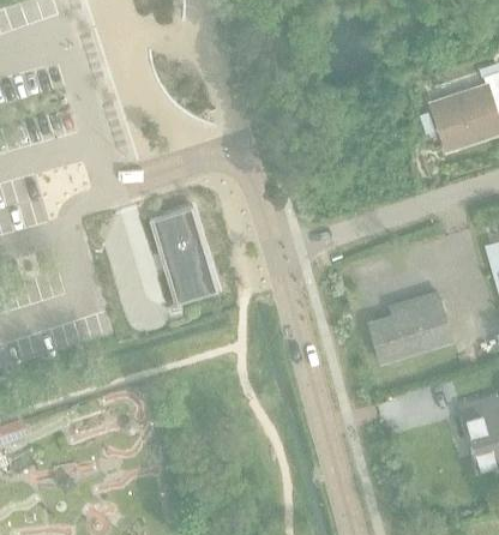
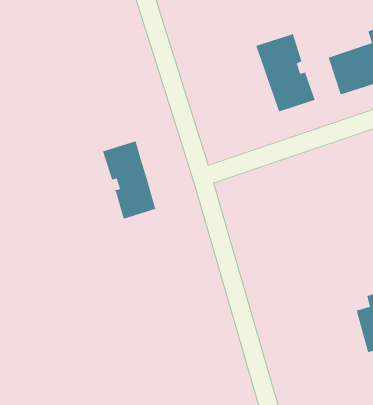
building: none -> [255,33,316,112]
building: [367,293,450,362] -> none

